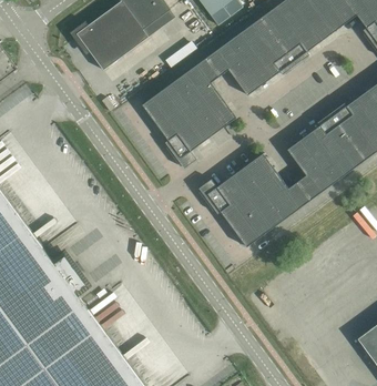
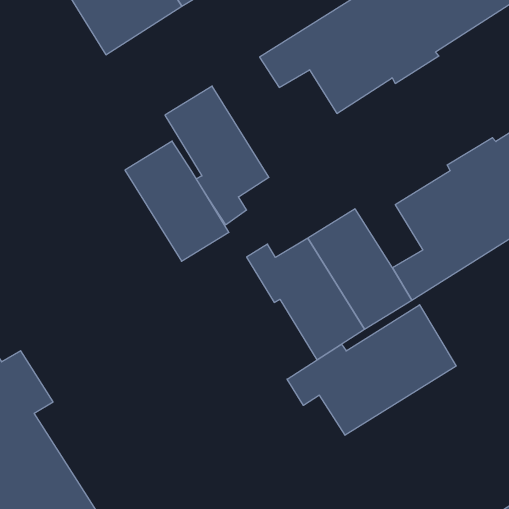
building: [170,64,236,138] -> [125,141,229,261]
building: none -> [287,305,456,435]

